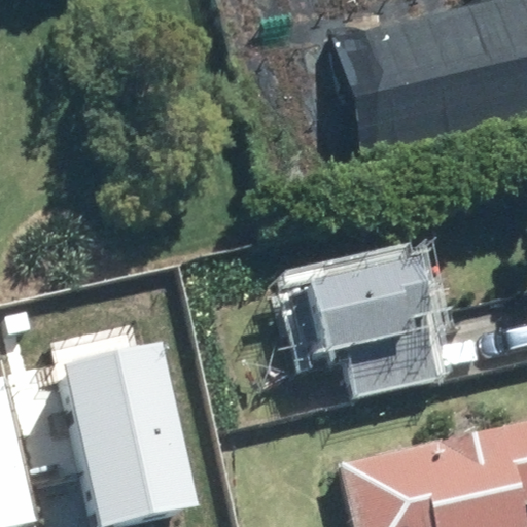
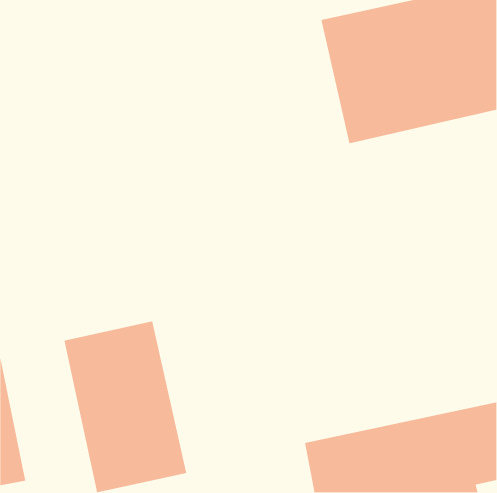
building: [271,254,452,403] -> none

